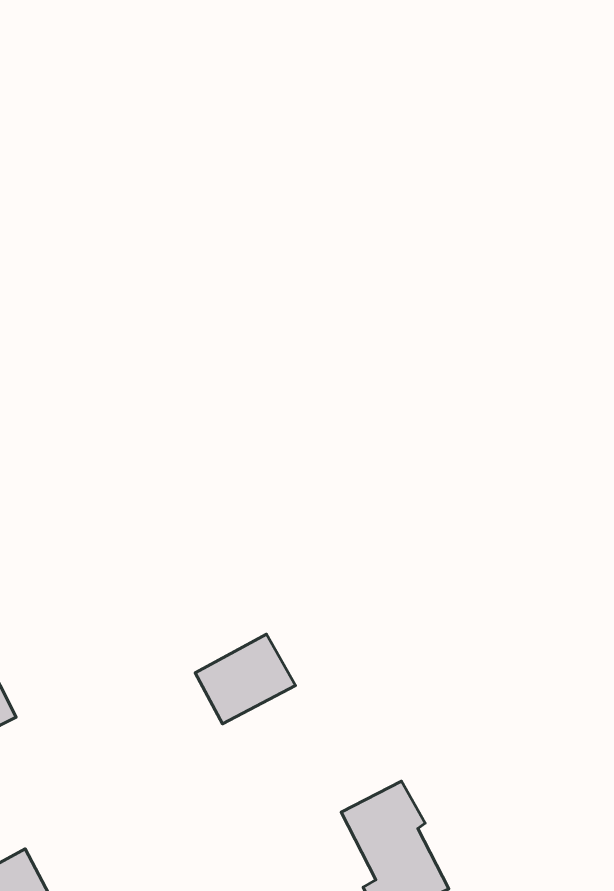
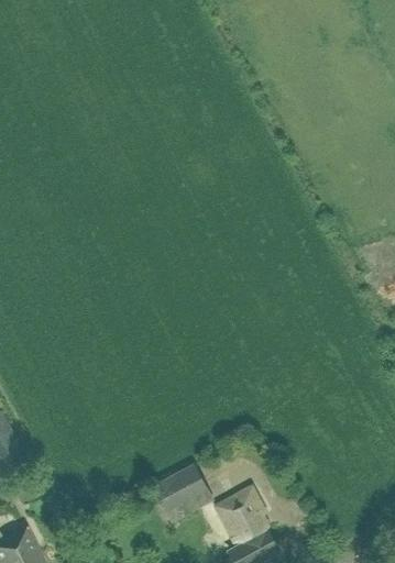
building: [195,634,296,724] -> [151,463,211,517]

